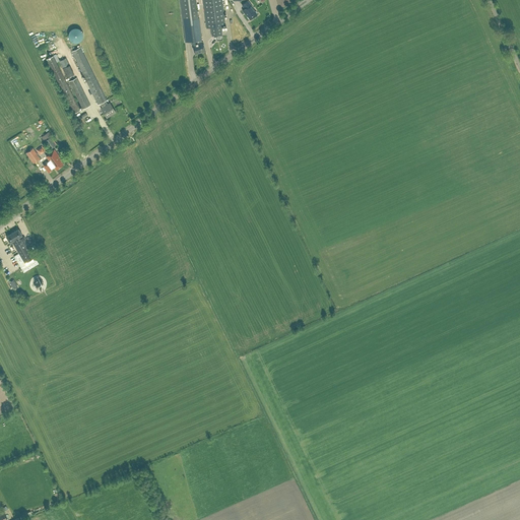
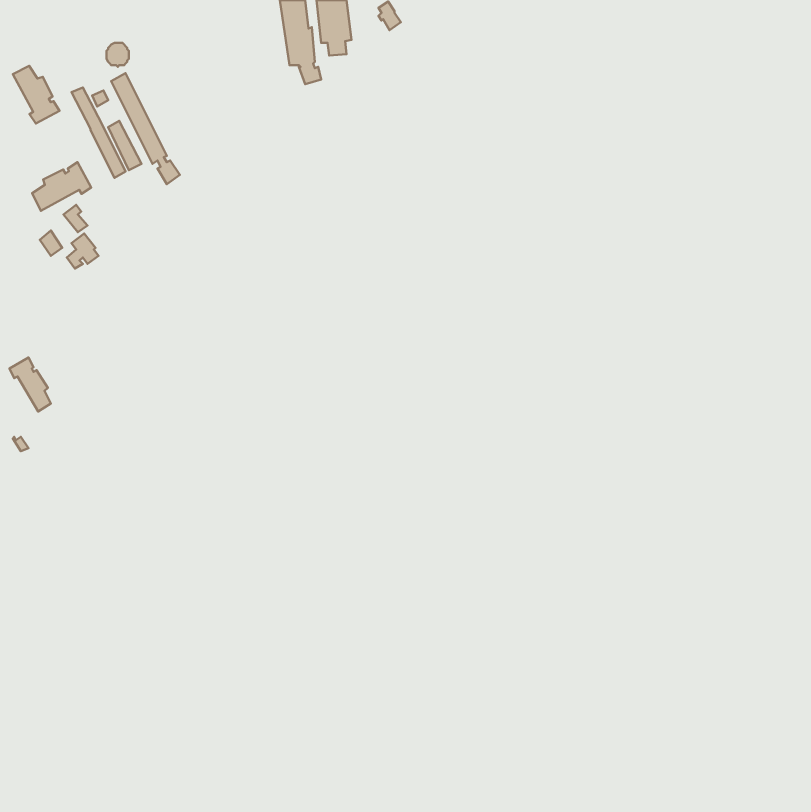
building: none -> [13,66,60,124]
building: none -> [32,162,91,211]

